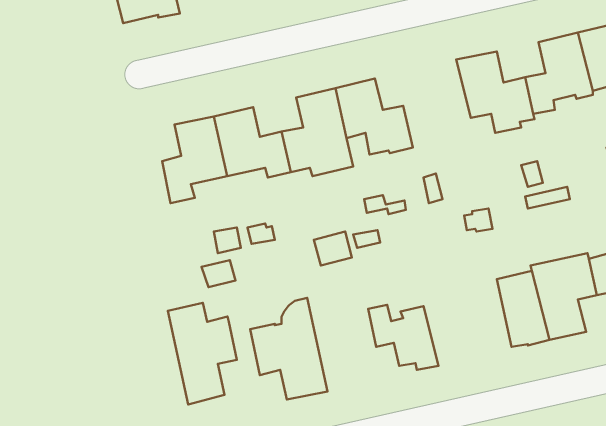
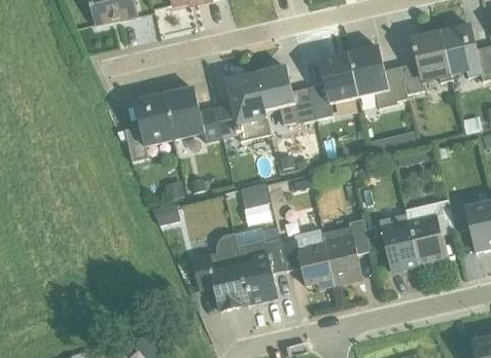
building: none -> [308,51,359,118]
building: none -> [322,218,371,284]
building: [168,303,237,404] -> [235,226,287,303]

